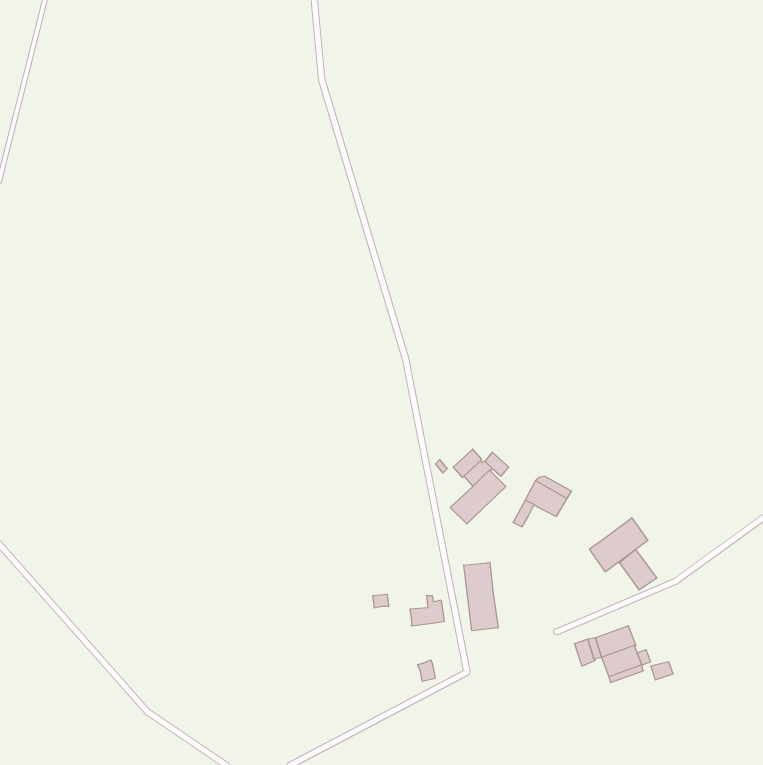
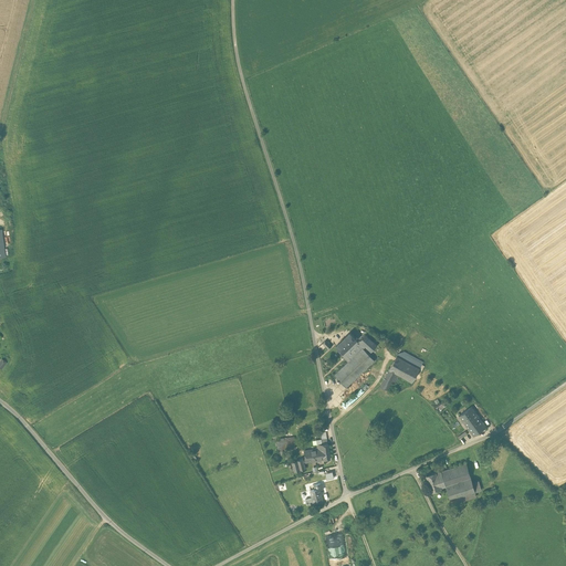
building: [589,518,648,572] -> none
building: [464,562,498,631] -> none

